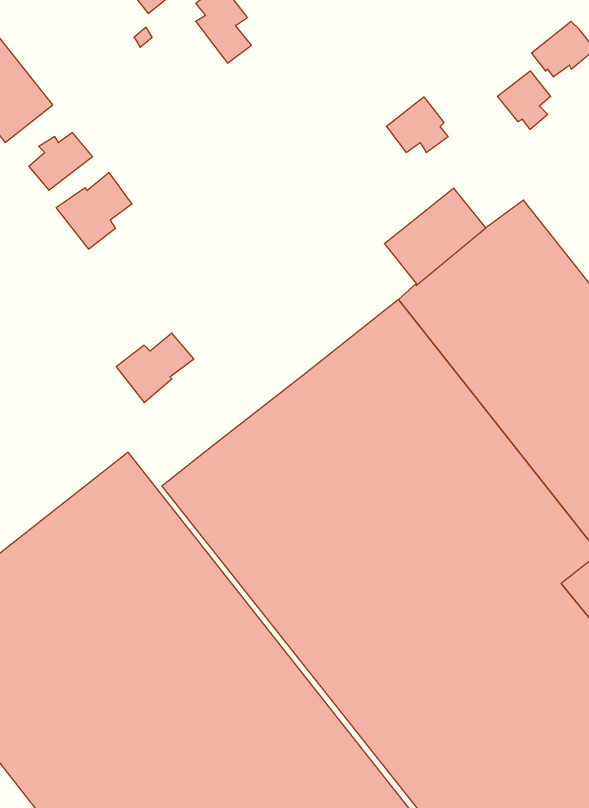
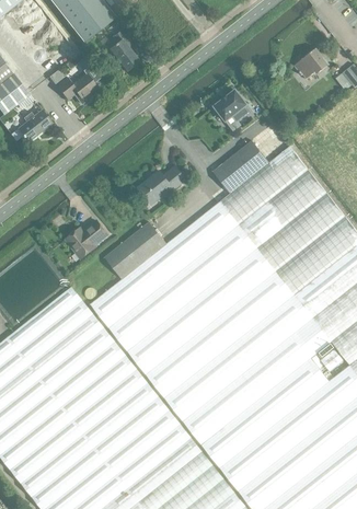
building: none -> [58,73,97,104]
building: [498,71,551,129] -> none
building: [56,172,132,249] -> none
building: none -> [138,166,187,206]
building: none -> [105,222,168,280]

